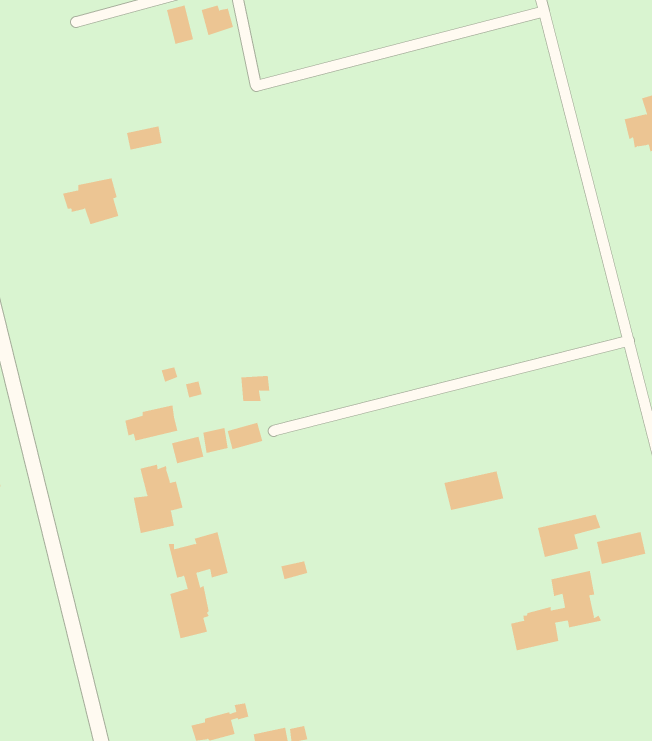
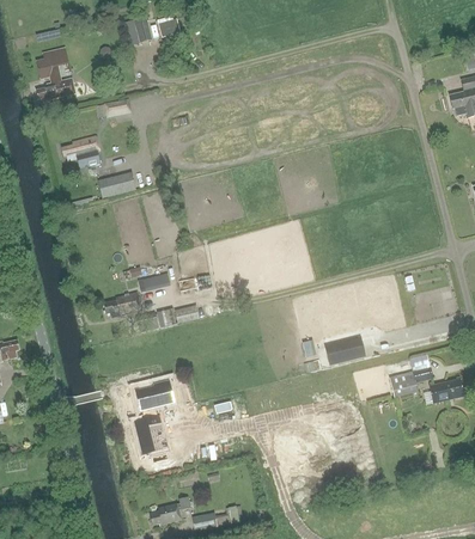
building: none -> [36,49,74,105]
building: none -> [97,173,135,198]
building: [133,464,183,534] -> none
building: [510,570,602,651] -> none

